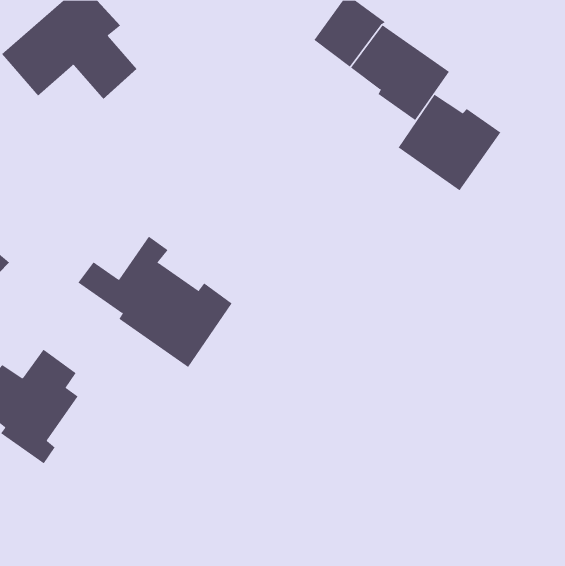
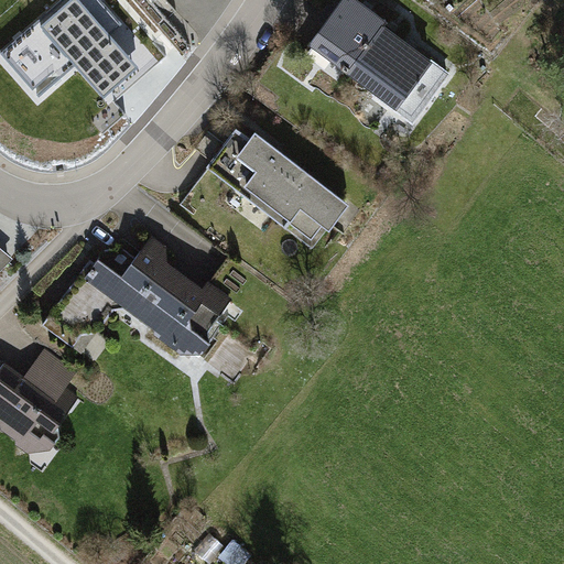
building: [398,94,501,191] -> none
building: none -> [207,128,349,237]

